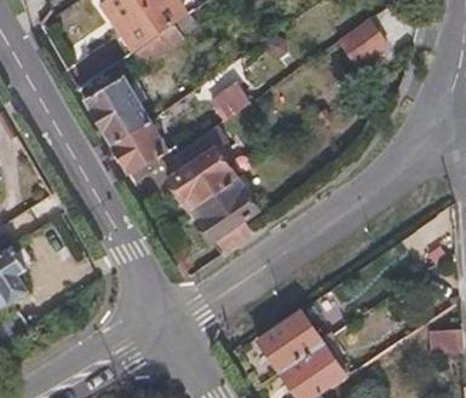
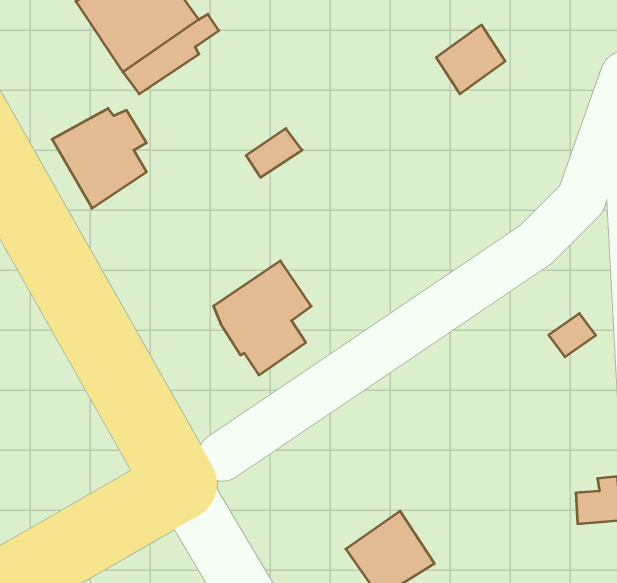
building: [110,117,166,173] -> none
building: [168,146,236,207] -> none
building: [257,311,316,369] -> none

